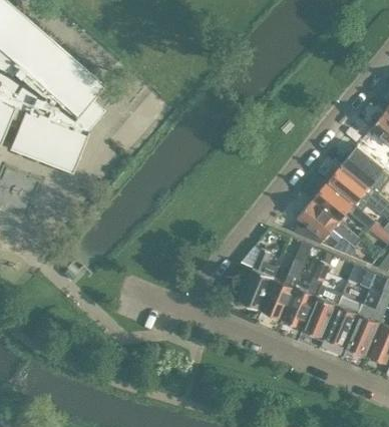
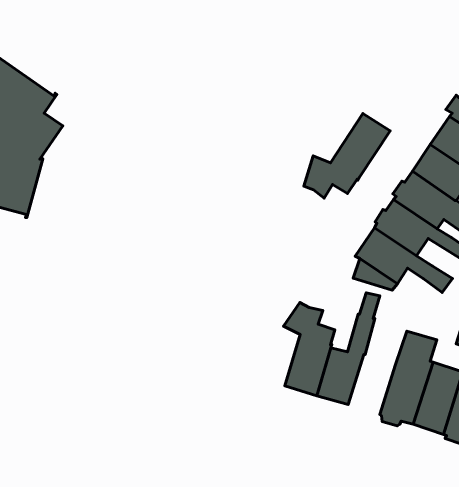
building: none -> [304,113,390,198]
building: [281,262,328,329] -> none

